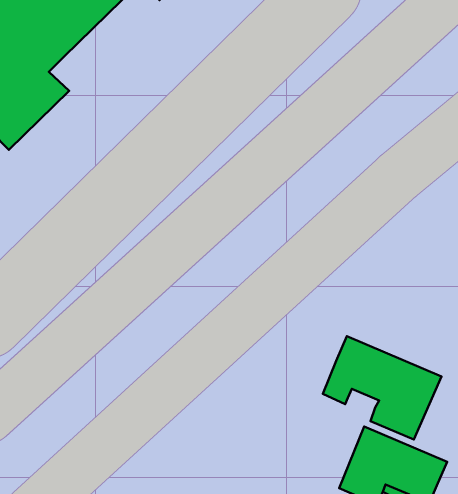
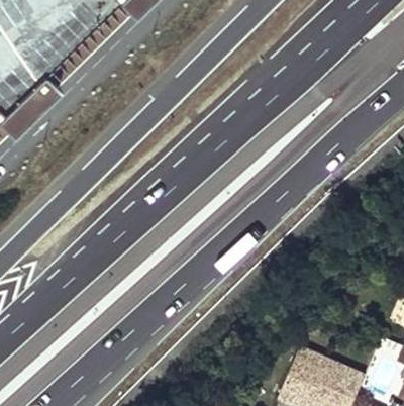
building: [323,336,442,439] -> none

